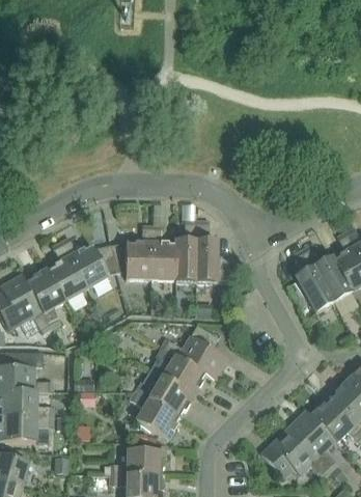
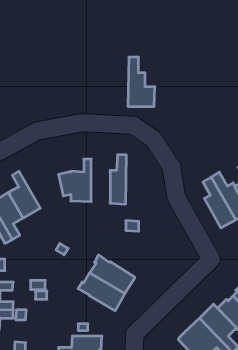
building: [195,221,229,283] -> [128,57,155,106]
building: [151,226,175,280] -> none
building: [60,238,116,288] -> none
building: [161,325,226,380] -> none
building: [130,390,182,440] -> none

